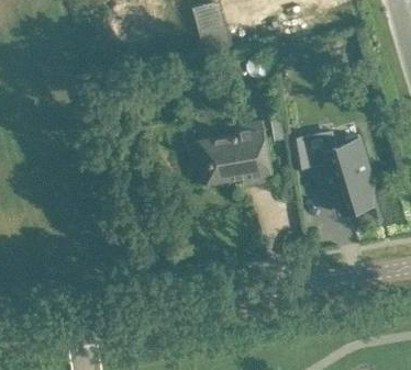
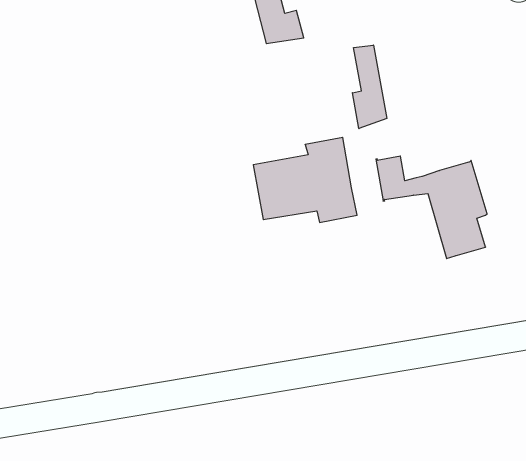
building: none -> [352,45,387,129]

